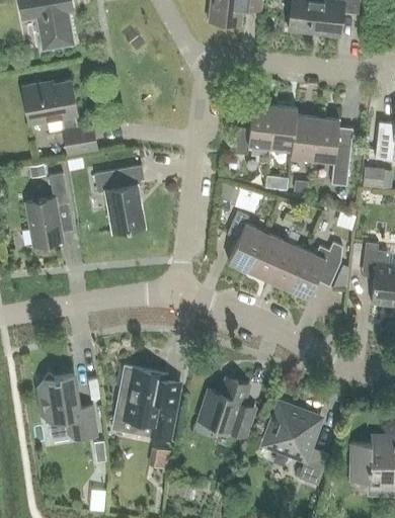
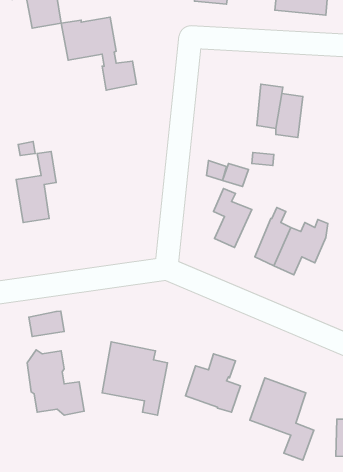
building: [21,81,97,155] -> [61,17,136,90]
building: [235,104,274,154] -> none
building: [312,118,350,186] -> none
building: [94,166,144,233] -> none
building: [248,233,285,280] -> none
building: none -> [29,311,64,336]

